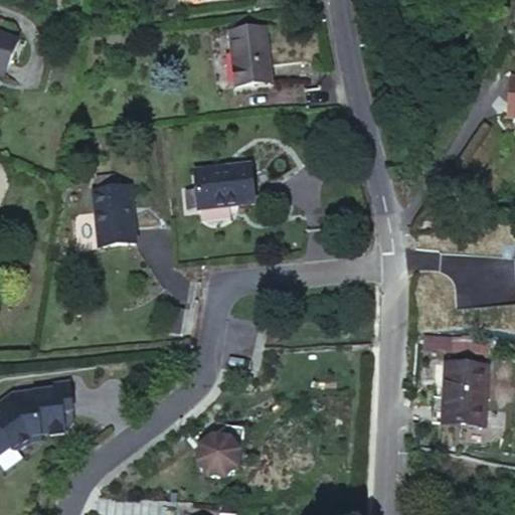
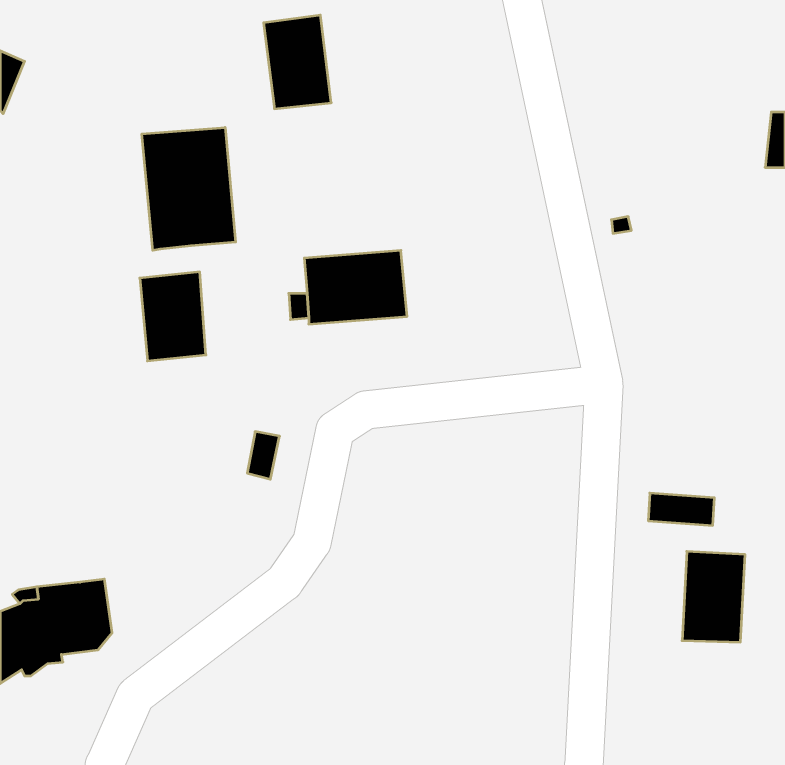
building: [227,32,272,94] -> [264,15,331,109]
building: none -> [142,127,236,250]
building: [195,430,247,480] -> none

